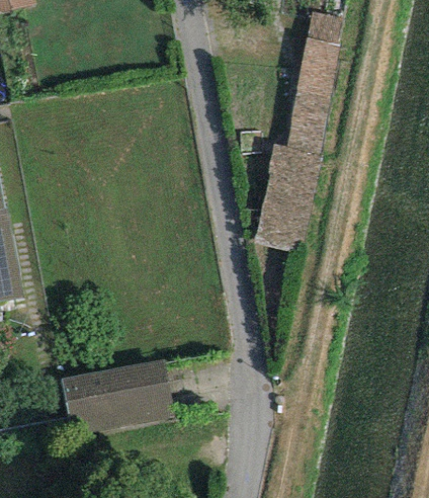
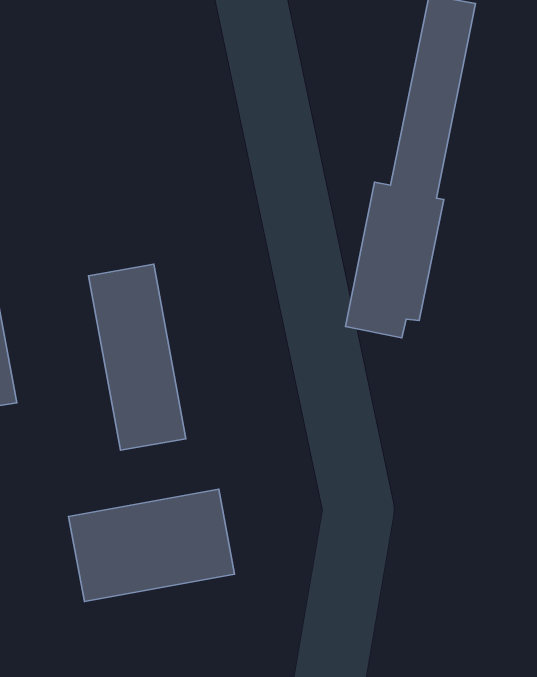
building: none -> [89,264,186,450]

